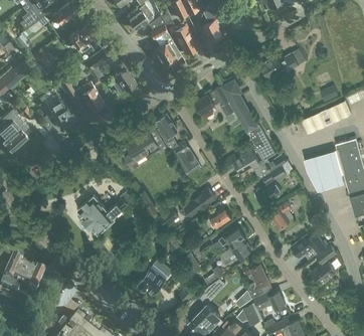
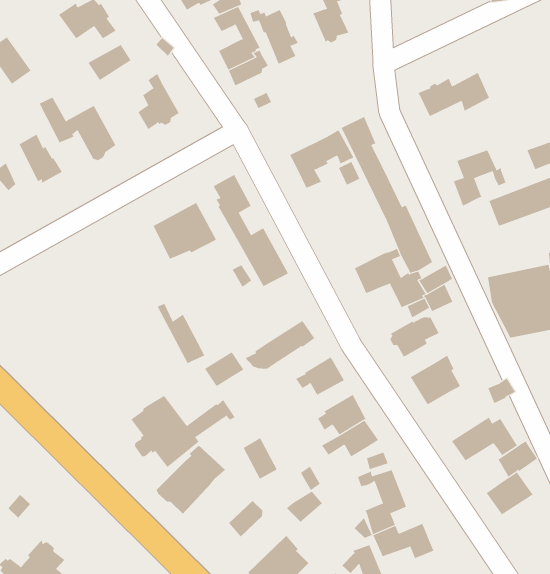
building: none -> [453,150,506,206]
building: [77,195,133,233] -> [130,395,236,468]

